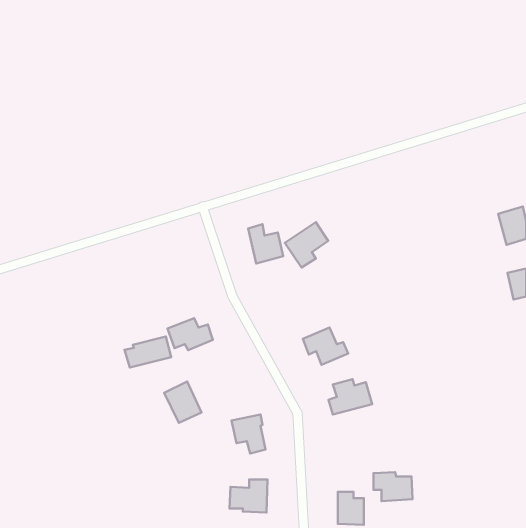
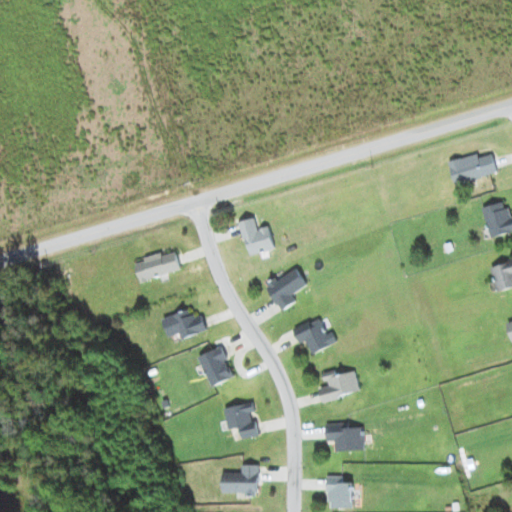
building: none -> [448,153,497,184]
building: [285,222,328,268] -> [265,266,307,310]
building: [125,336,171,367] -> [135,250,180,280]
building: [164,381,201,423] -> [198,346,234,386]
building: [373,472,413,501] -> [326,423,364,451]

